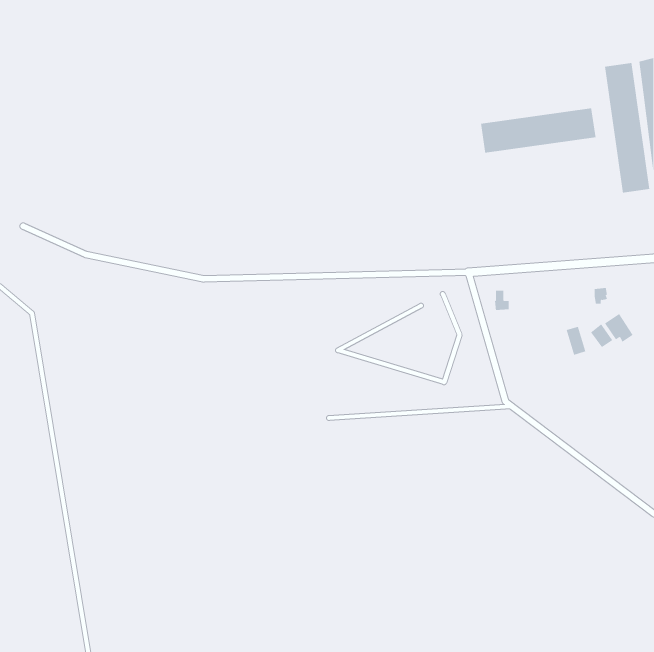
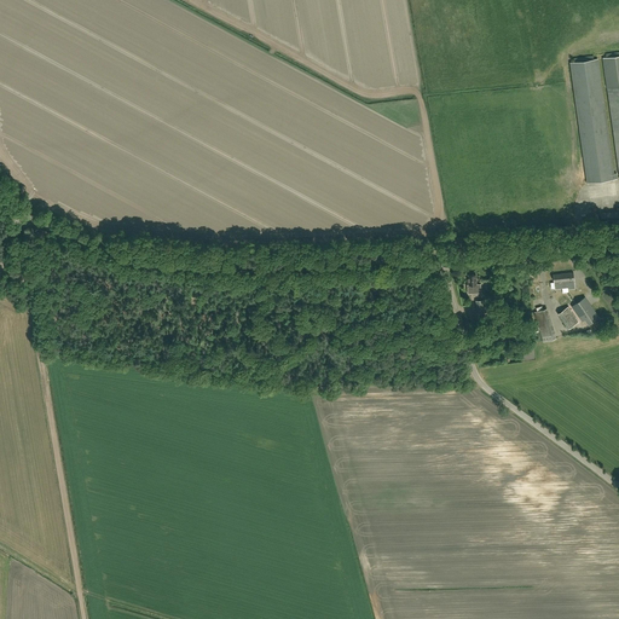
building: [480,108,596,154] -> none

